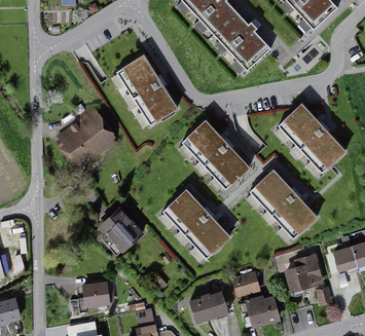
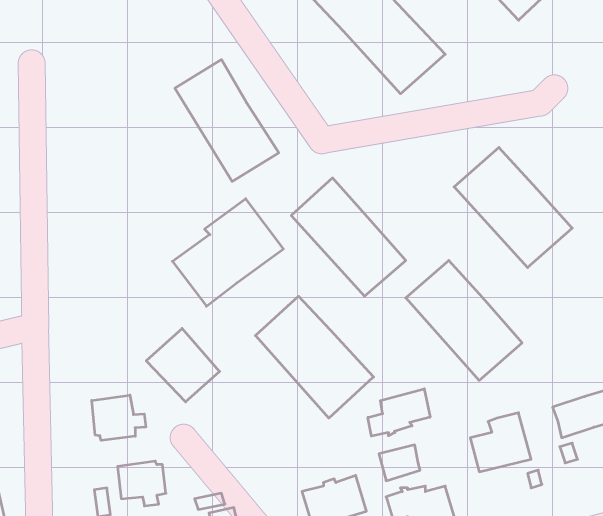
building: [59,101,122,162] -> [172,199,283,306]
building: none -> [368,389,430,436]
building: none -> [92,395,146,440]

